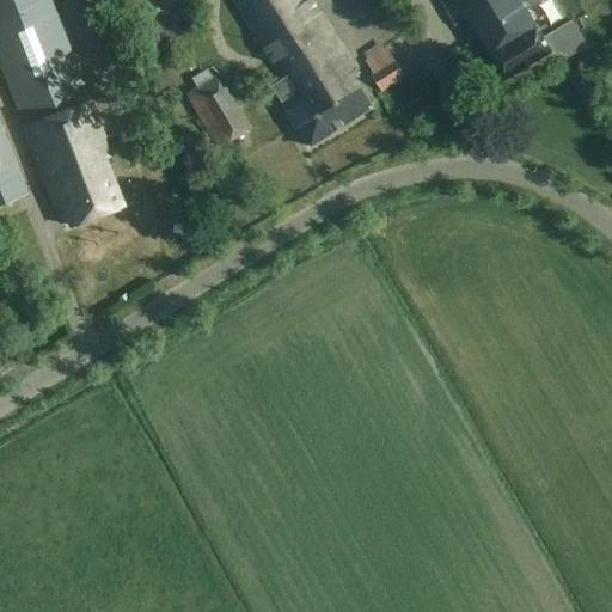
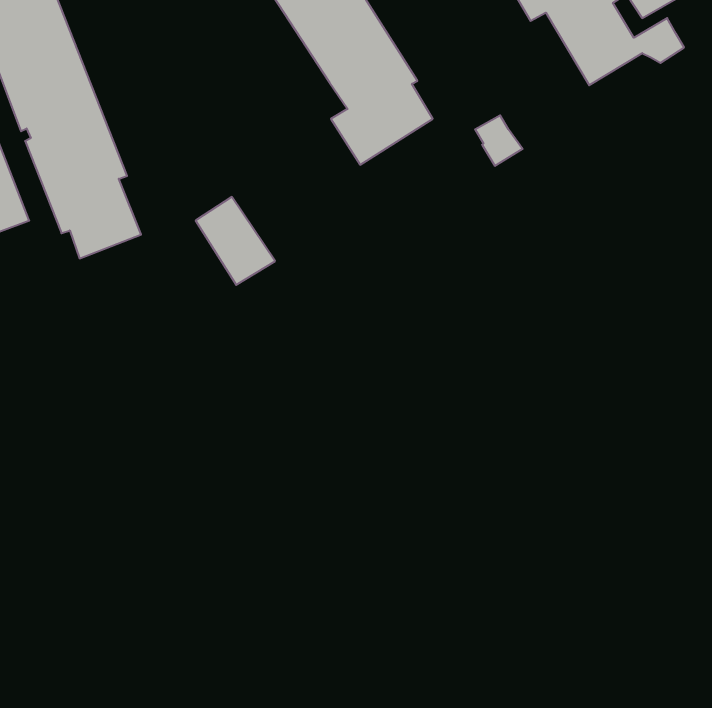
building: [363,43,404,86] -> [475,115,523,166]
building: [183,68,251,143] -> [196,197,275,285]

